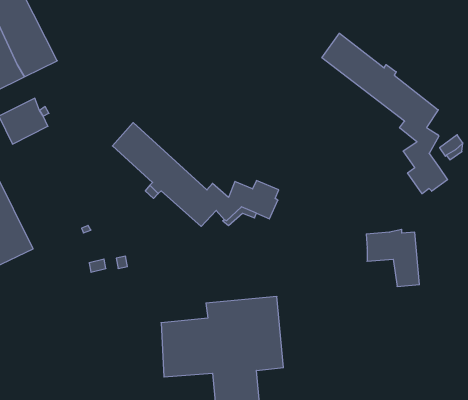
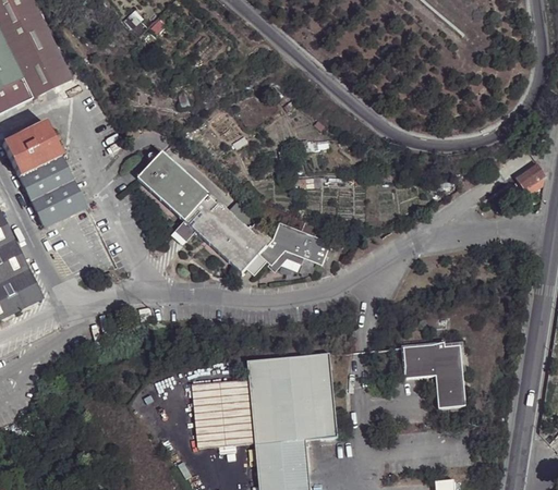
building: [322,33,448,194] -> none
building: none -> [21,155,87,225]
building: [366,229,419,286] -> [402,341,464,407]

